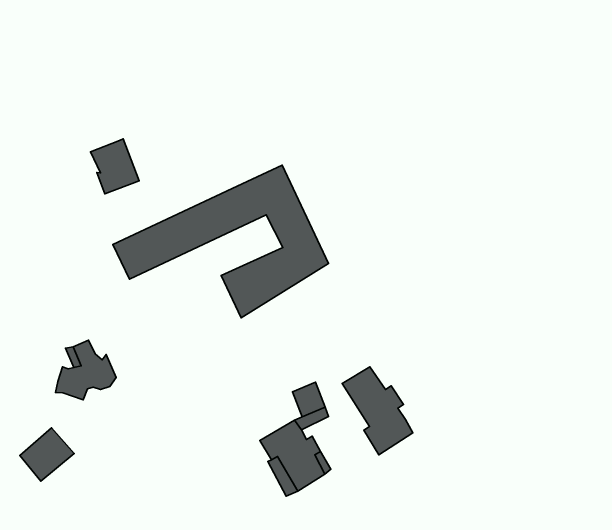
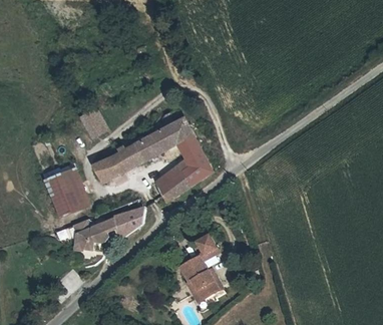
building: none -> [43,161,91,219]
building: none -> [101,202,140,237]
building: [342,367,413,455] -> none

